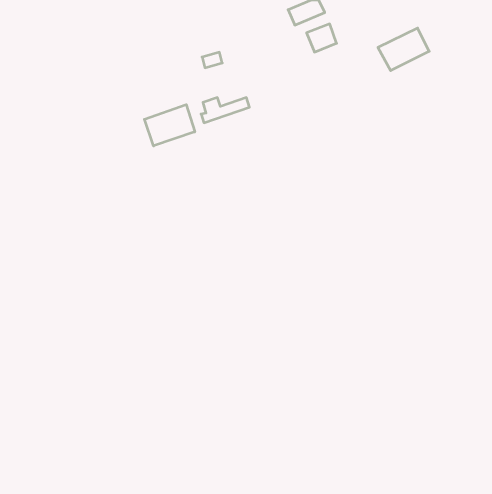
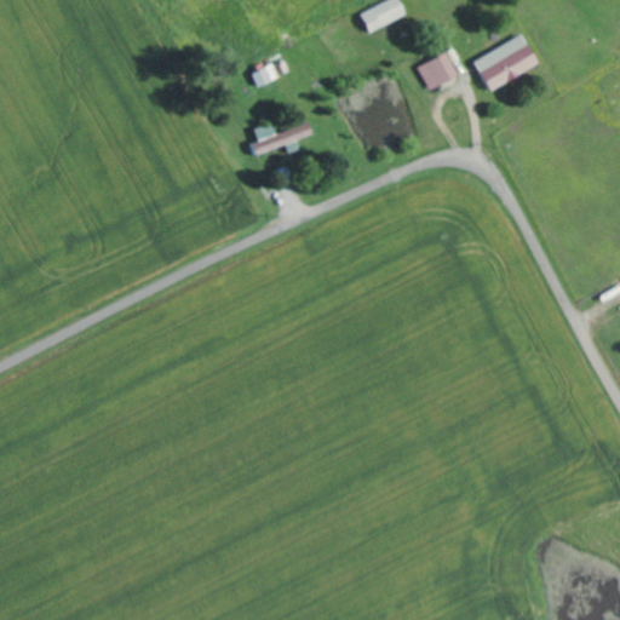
building: [307,24,337,52] -> [419,53,457,88]
building: [144,105,195,146] -> none

